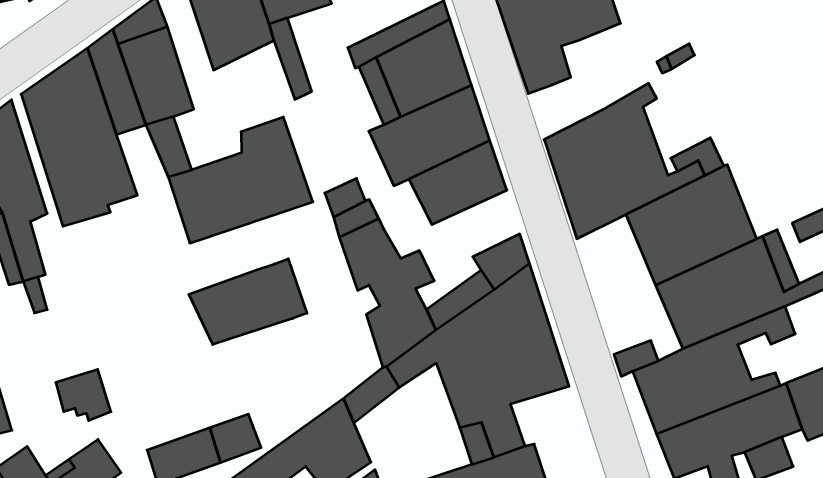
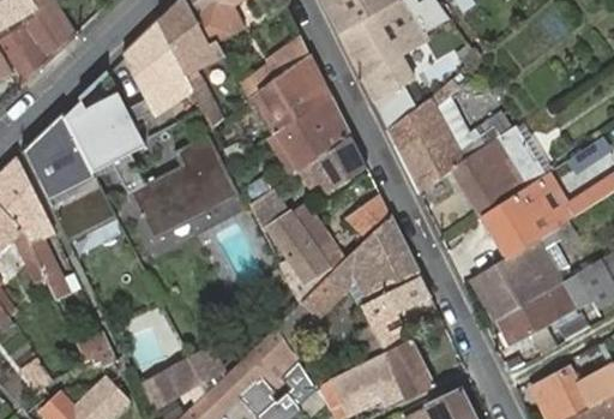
building: [189,259,307,345] -> none

